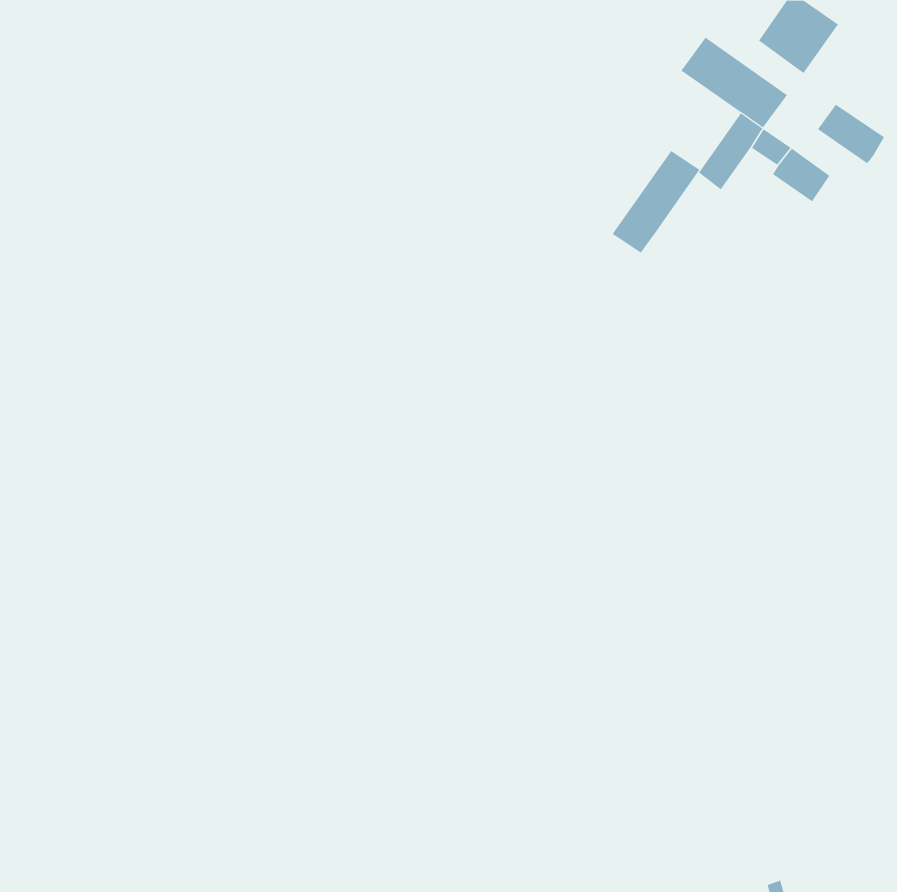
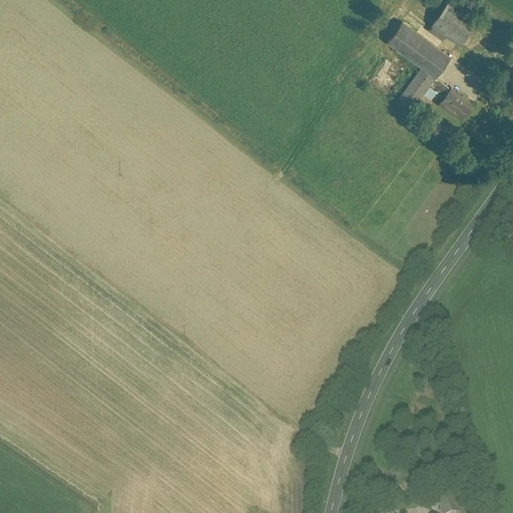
building: [817,104,885,164] -> none
building: [612,150,700,254] -> none

